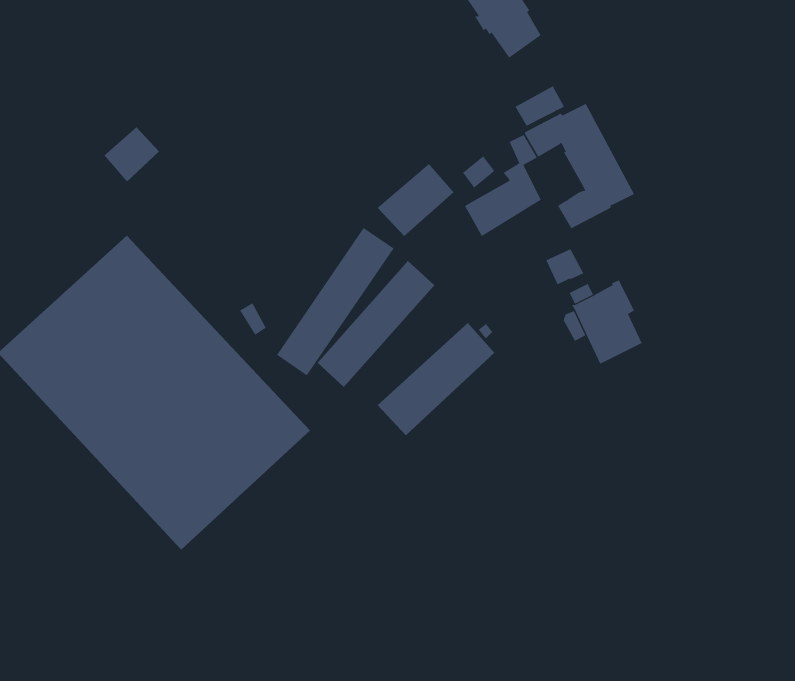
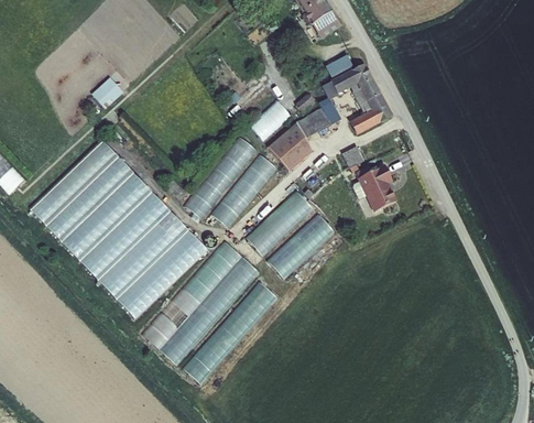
building: none -> [266,123,312,173]
building: none -> [268,213,335,278]
building: none -> [144,241,259,365]
building: none -> [185,281,277,384]

